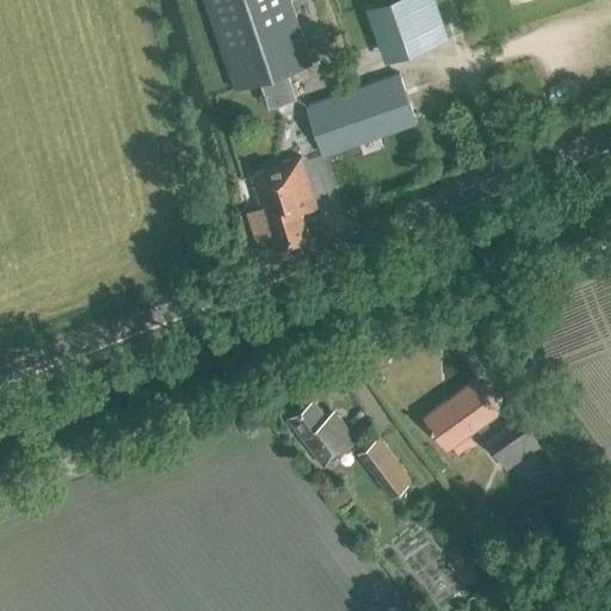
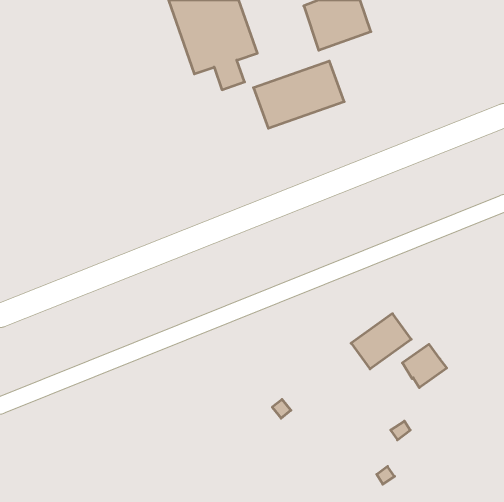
building: [251,159,316,251] -> none
building: [288,401,356,468] -> none
building: [362,438,412,494] -> none

